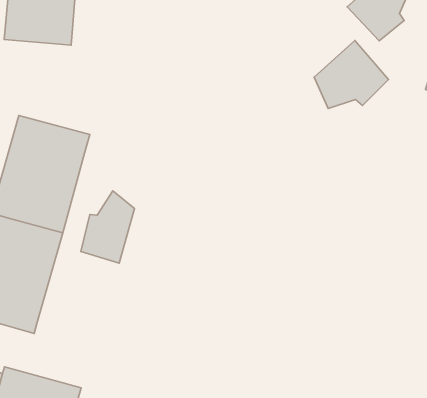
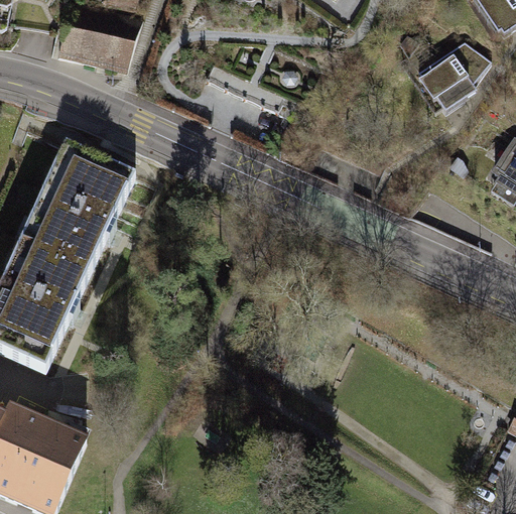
building: [314,40,389,109] -> none
building: [81,191,134,263] -> none

